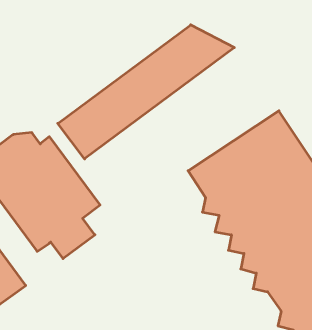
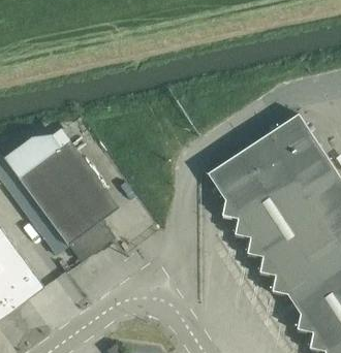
building: [58,25,234,159] -> none

